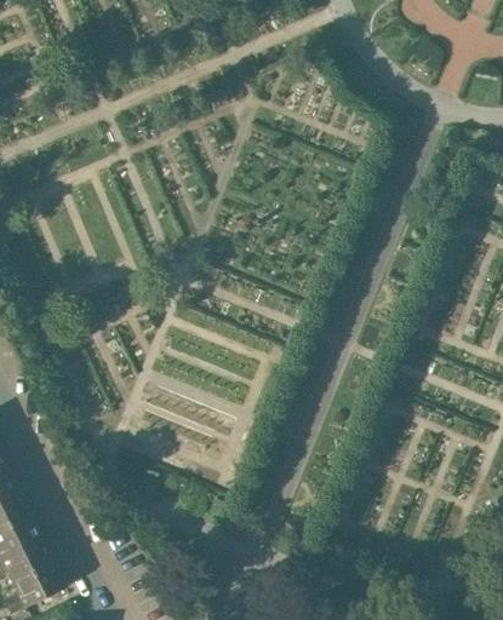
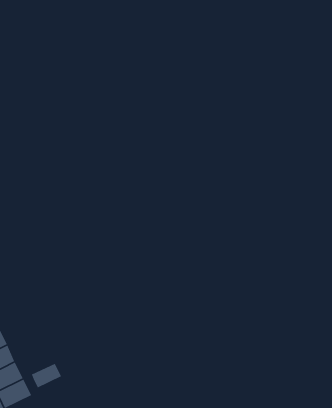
building: none -> [31,363,62,388]

